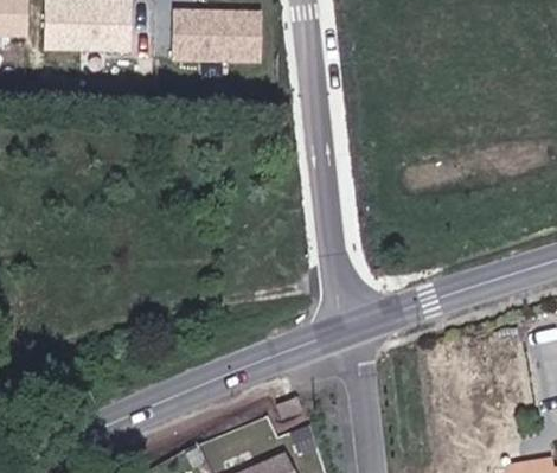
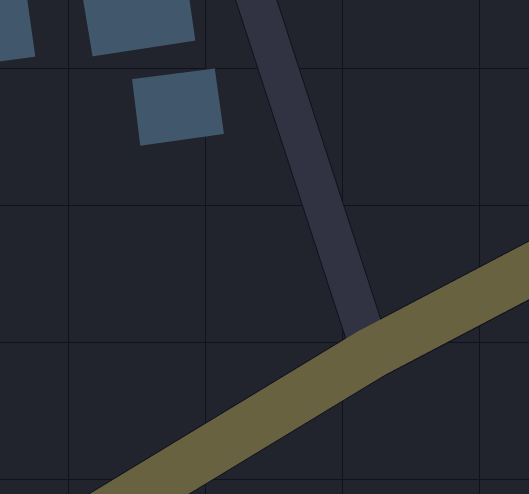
building: none -> [132,68,225,147]

